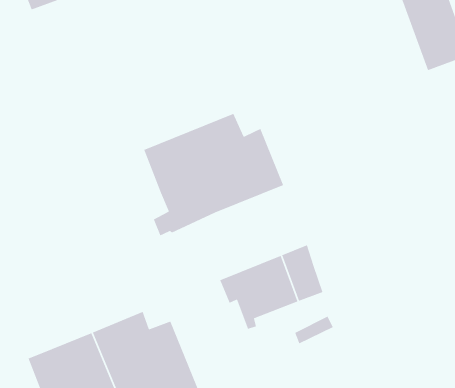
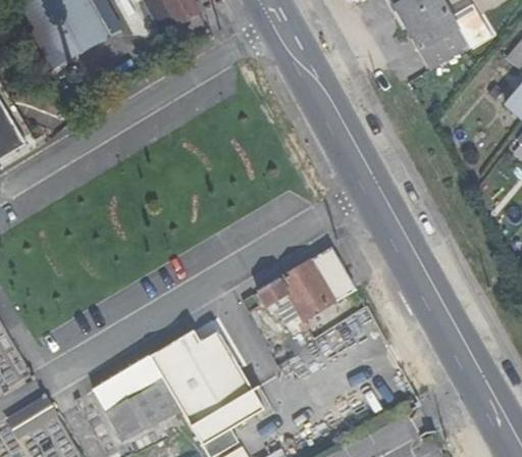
building: [143,113,284,237] -> none

